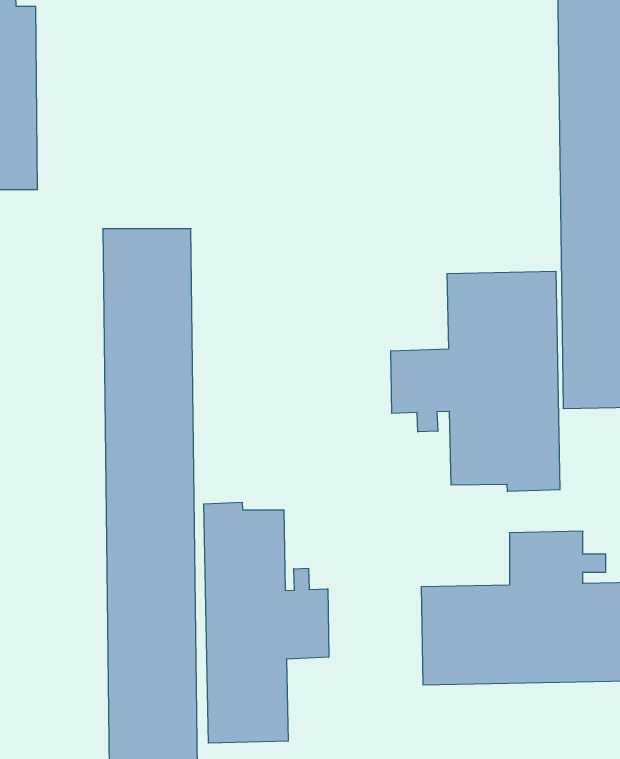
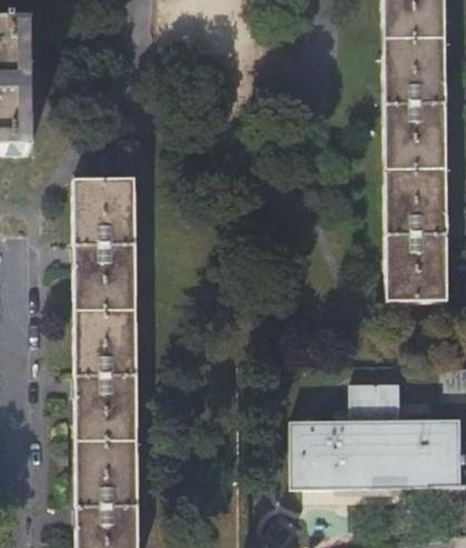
building: [391,271,560,492] -> none
building: [204,502,329,743] -> none

